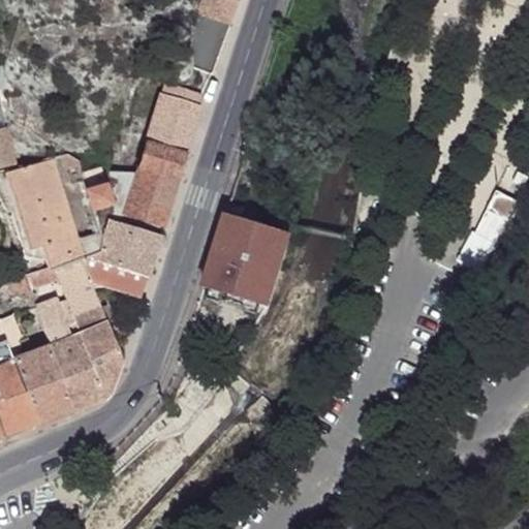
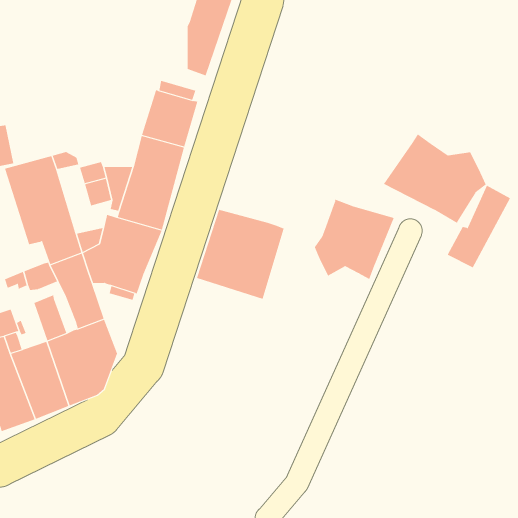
building: none -> [383,133,487,224]
building: none -> [314,199,394,280]

